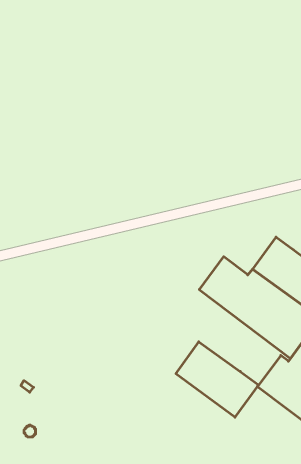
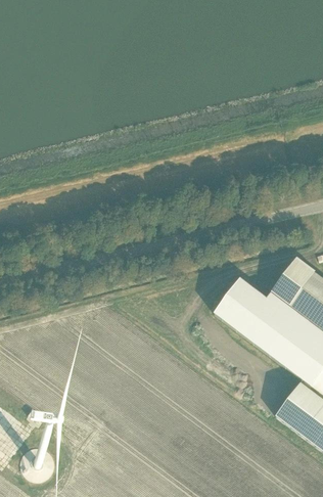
building: [176,342,259,417] -> none

